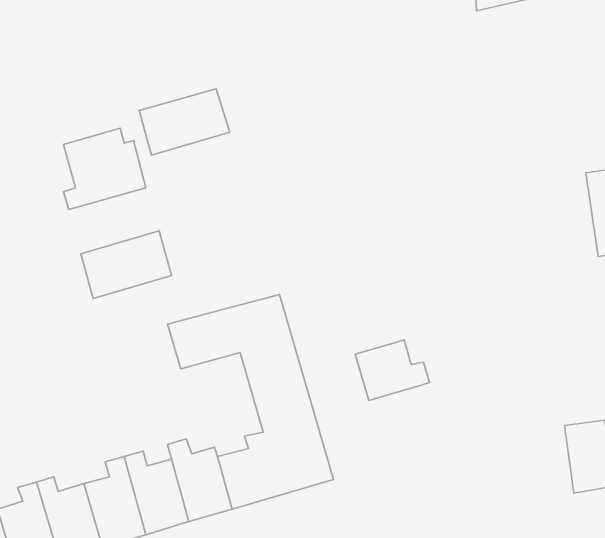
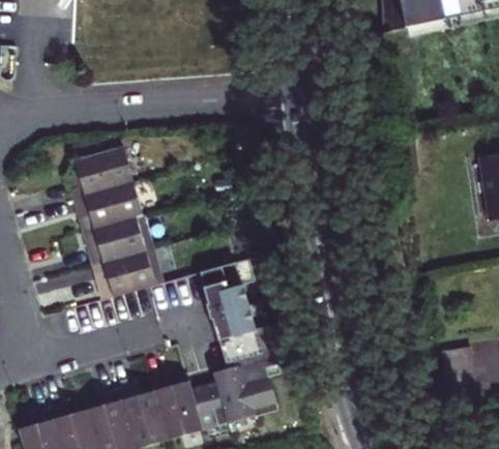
building: [139,89,230,155] -> [78,178,147,229]
building: none -> [96,245,166,296]
building: [355,340,429,400] -> none

